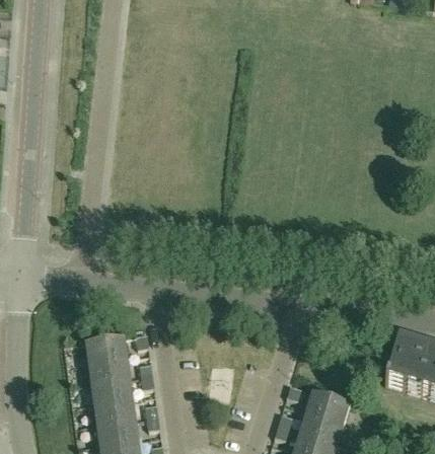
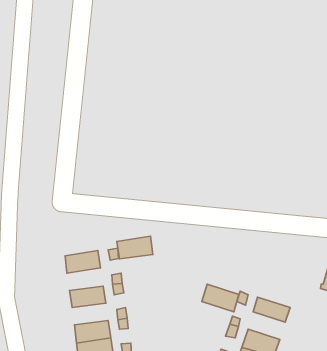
building: [87,351,130,377] -> [117,236,153,259]
building: [93,392,136,418] -> none
building: [300,402,344,435] -> [202,284,239,312]

